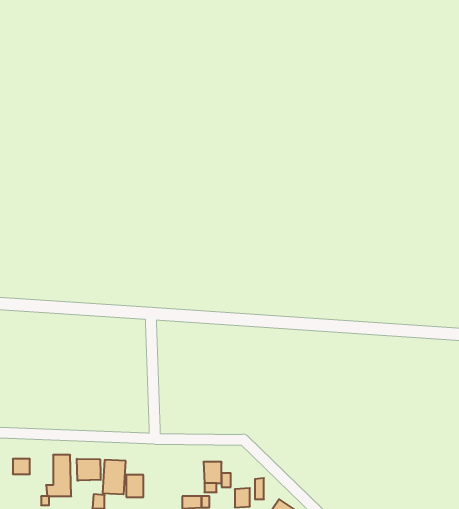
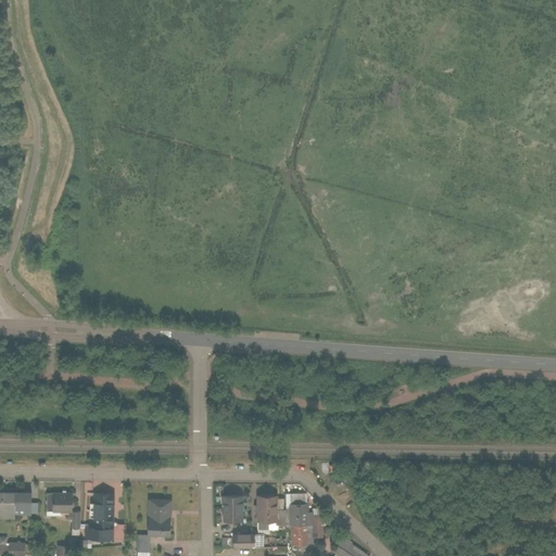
building: [77,459,101,481] -> none
building: none -> [289,495,306,528]
building: [126,475,143,497] -> [223,498,241,522]

